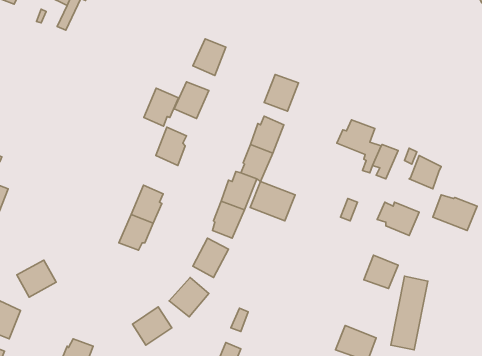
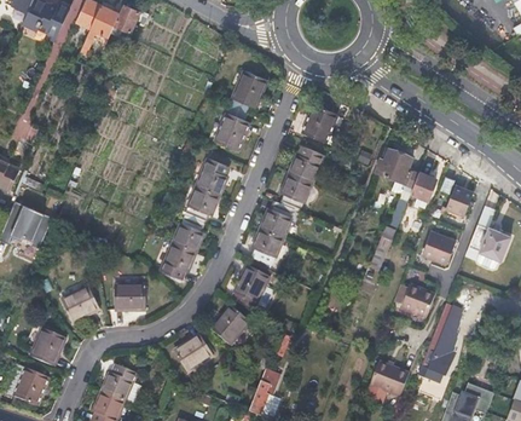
building: [144,88,178,126] -> [185,184,219,221]
building: [250,181,295,221] -> none
building: none -> [112,284,144,307]

